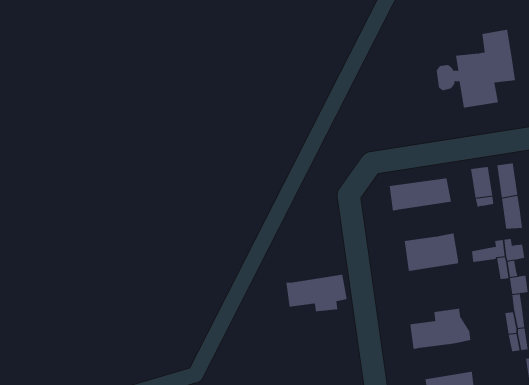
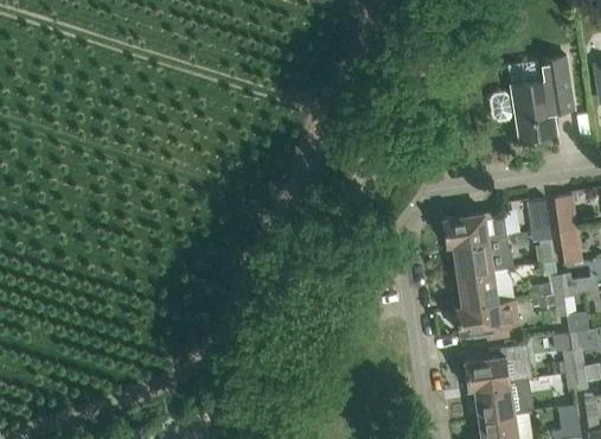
building: none -> [453,236,513,276]
building: [286,274,347,312] -> [455,300,519,339]
building: none -> [474,380,532,420]

